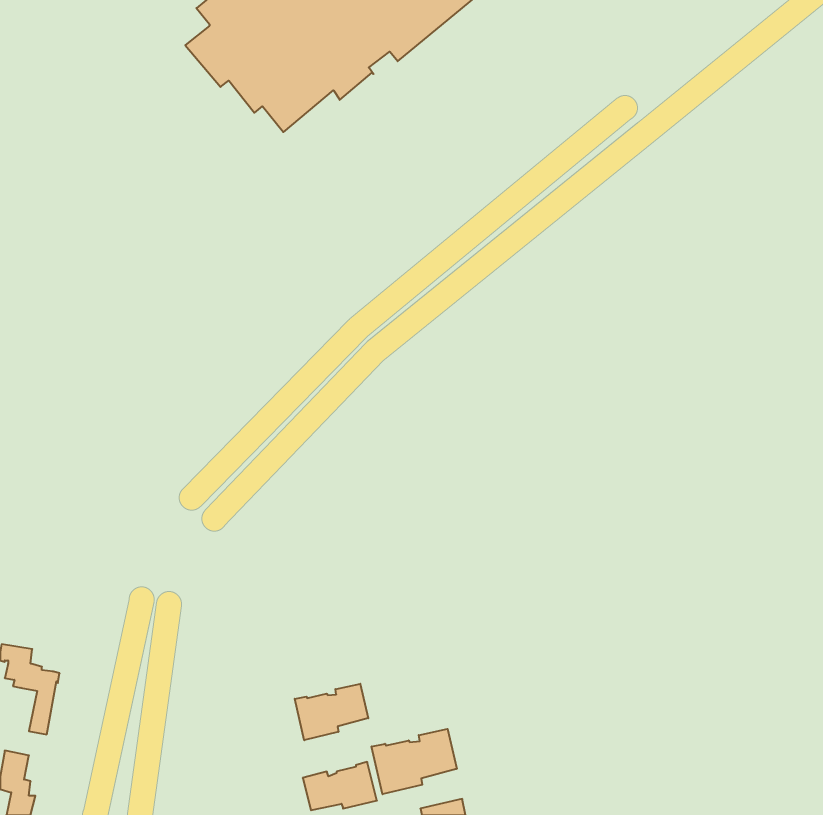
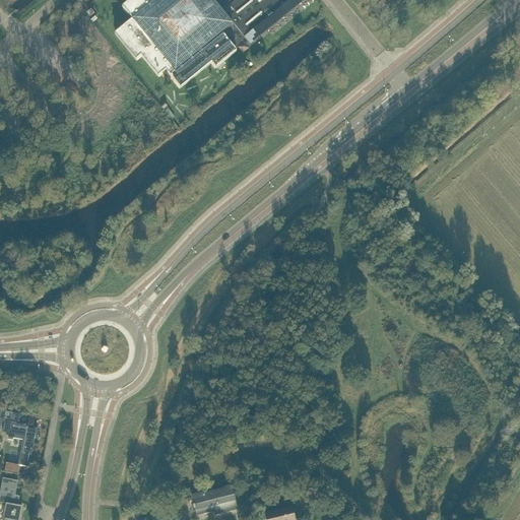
building: [295,684,368,740] -> none
building: [372,729,457,794] -> none

